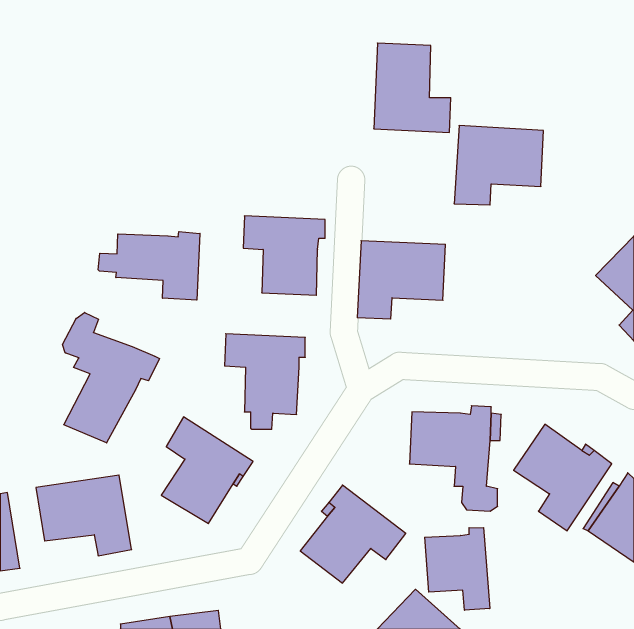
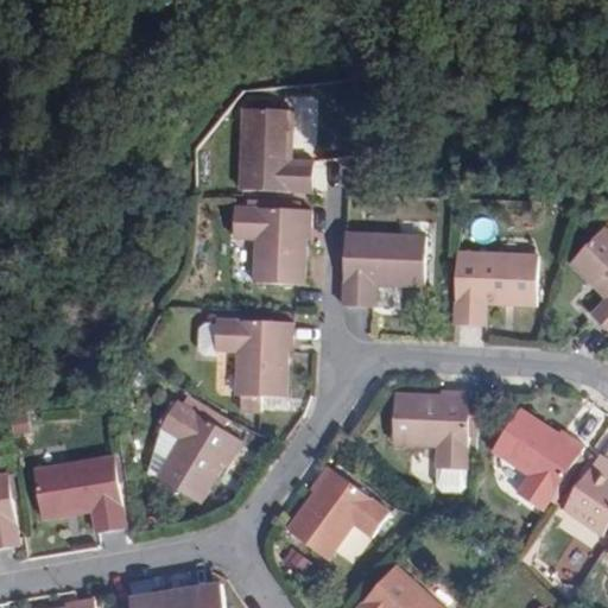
building: [374,43,451,132] -> [239,107,312,192]
building: [454,126,543,205] -> [454,248,539,324]
building: [98,232,200,300] -> none
building: [62,312,160,443] -> none
building: [425,528,490,610] -> none

